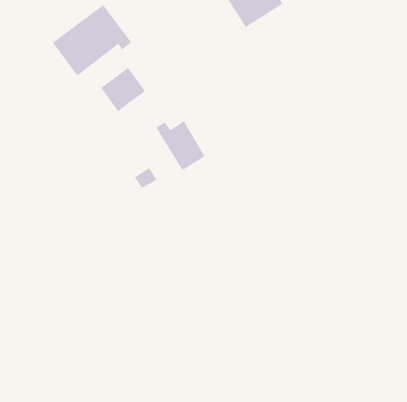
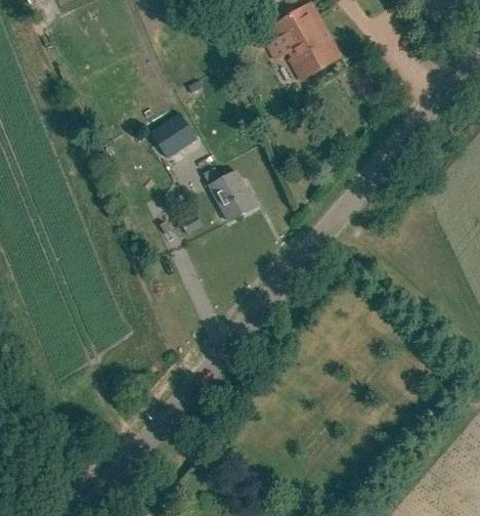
building: [52,4,132,76] -> none

